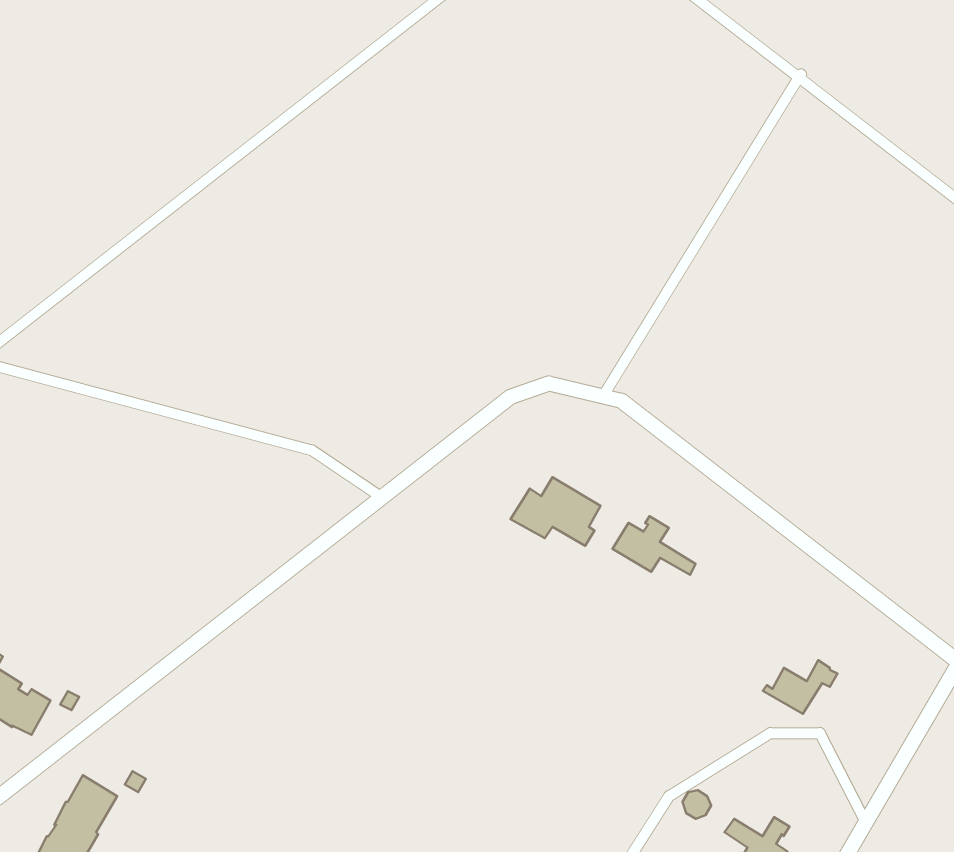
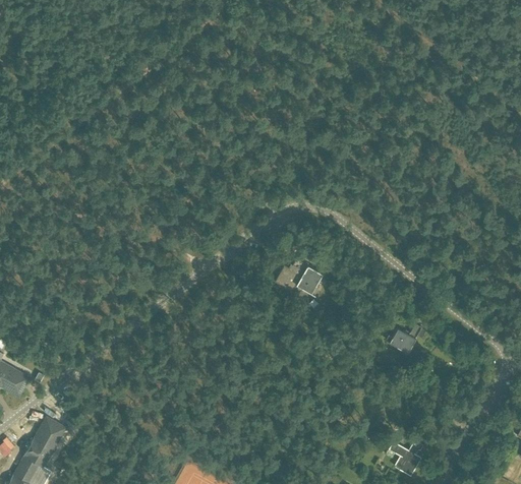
building: [613,516,695,575] -> none
building: [763,660,837,714] -> [386,325,425,354]

